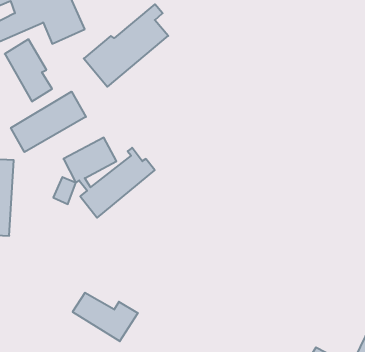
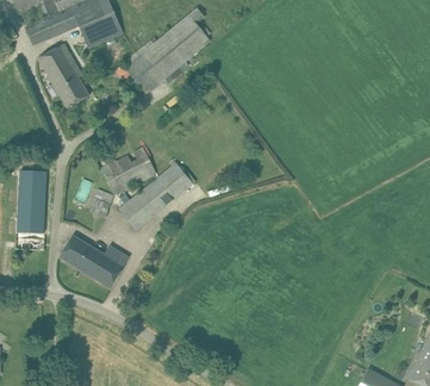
building: [11,92,86,152] -> none
building: [73,293,138,341] -> [60,236,129,287]

